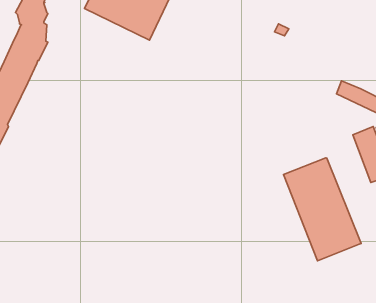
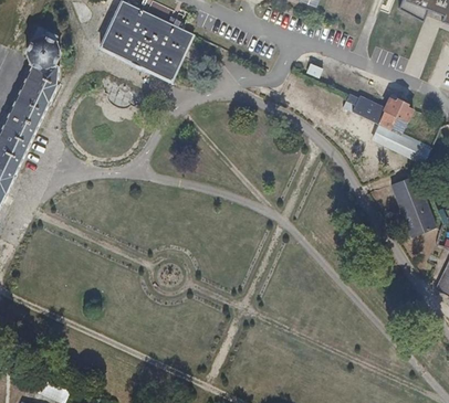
building: none -> [342,92,411,134]
building: [283,158,361,261] -> none

